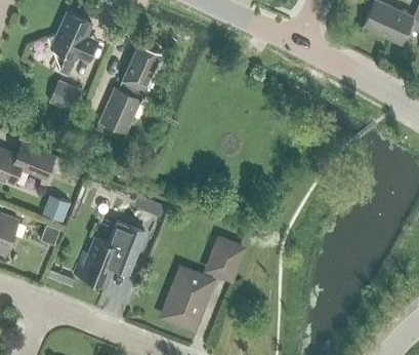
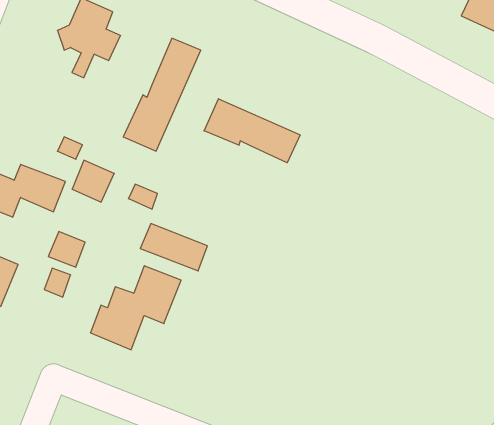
building: [48,80,81,113] -> [72,160,114,202]
building: none -> [204,99,300,163]
building: [208,239,243,279] -> none
building: [163,269,212,328] -> none

